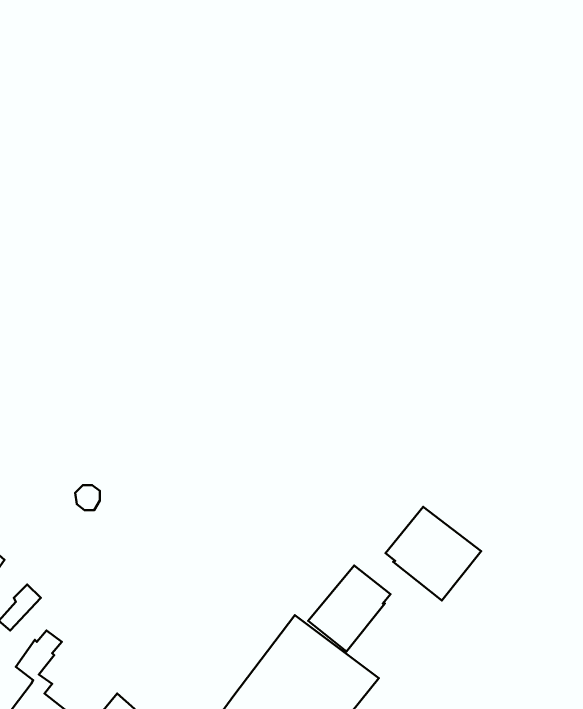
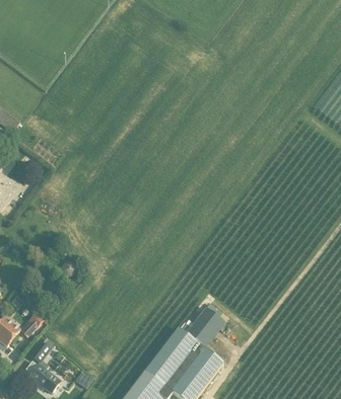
building: [386,507,481,601] -> none

